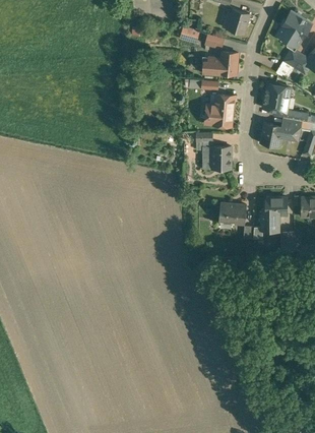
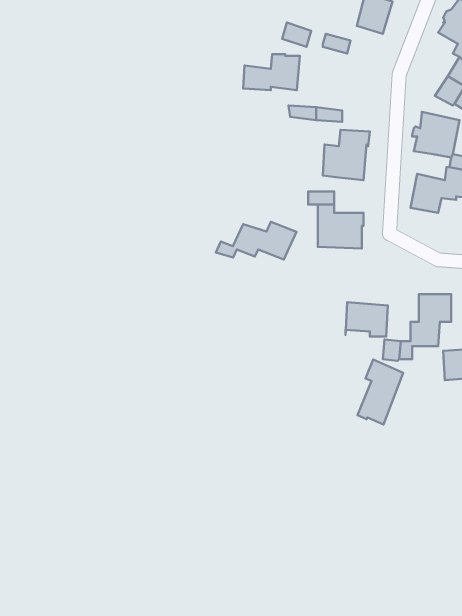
building: [203,52,239,74] -> [243,54,300,90]
building: none -> [216,222,297,259]
building: none -> [357,359,403,425]

